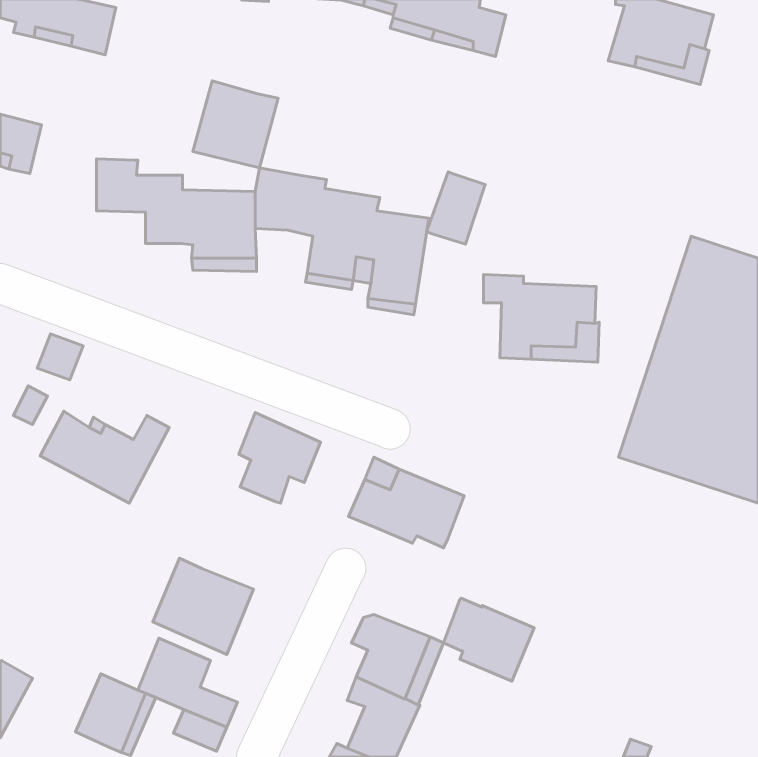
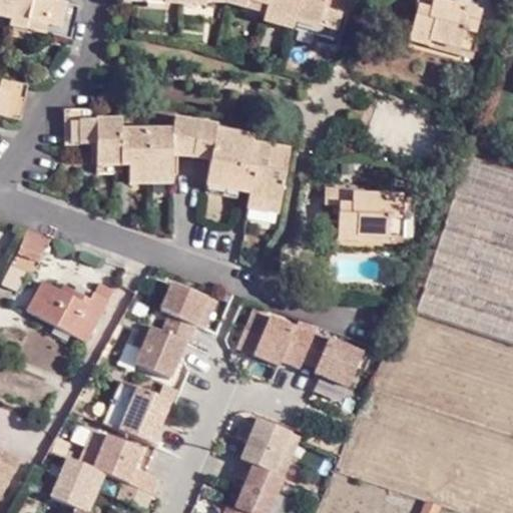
building: [193,81,278,168] -> none
building: [427,172,485,244] -> none
building: none -> [134,320,186,376]
building: [444,598,534,681] -> [303,334,364,390]

